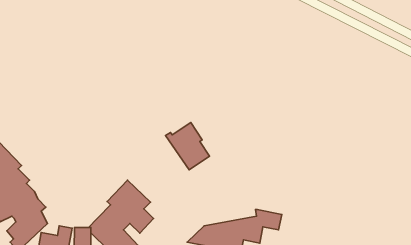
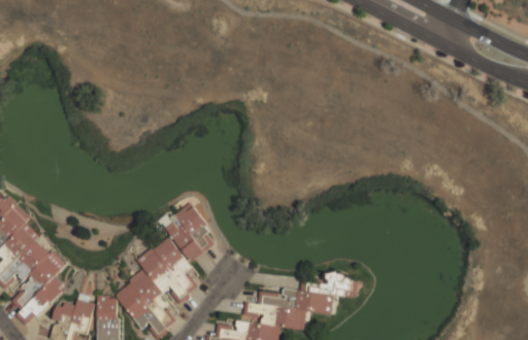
building: [166,123,210,170] -> [159,203,214,263]

